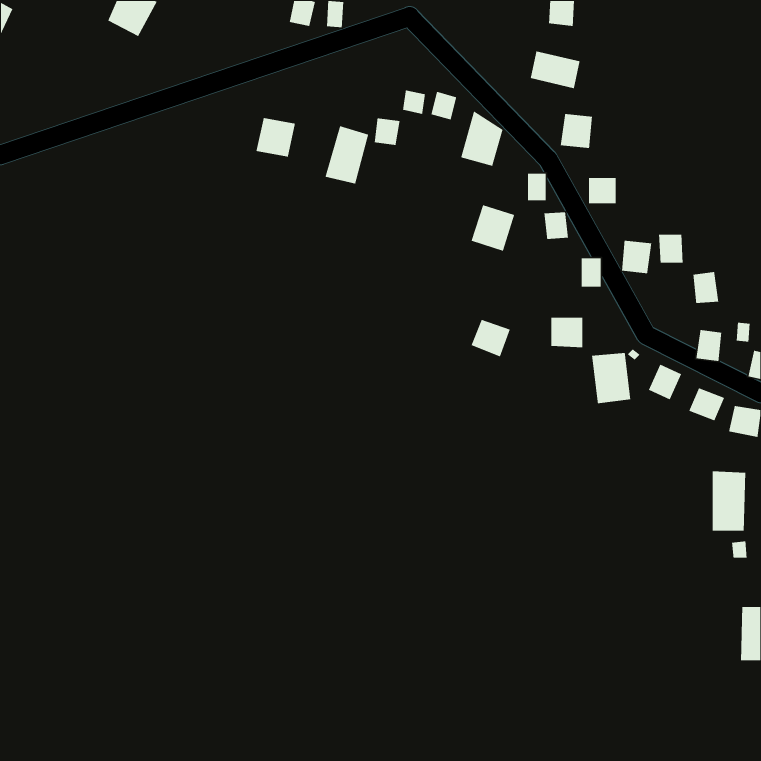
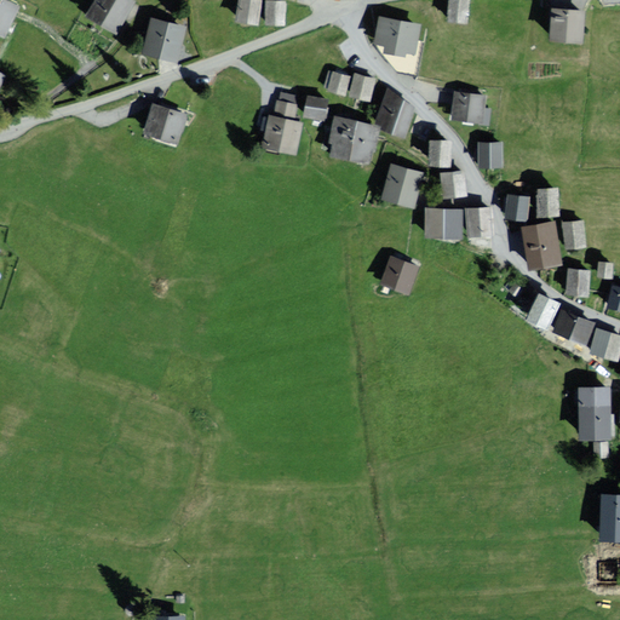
building: none -> [551,11,580,40]
building: none -> [145,22,179,58]
building: [530,50,581,89] -> [374,18,415,50]
building: [256,117,296,158] -> [147,109,179,142]
building: none -> [329,117,373,160]
building: [550,317,583,348] -> [431,209,458,235]
building: [591,352,631,404] -> [524,224,557,266]

